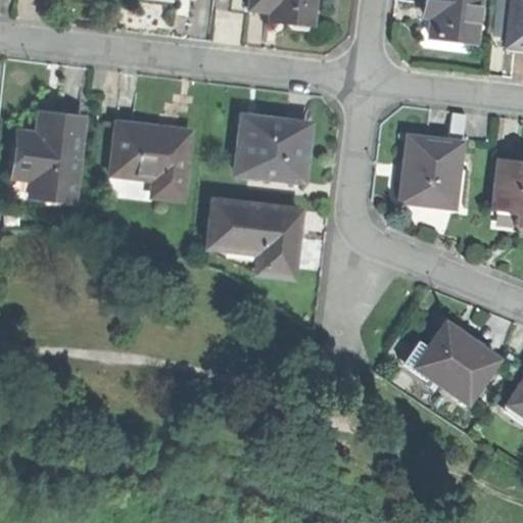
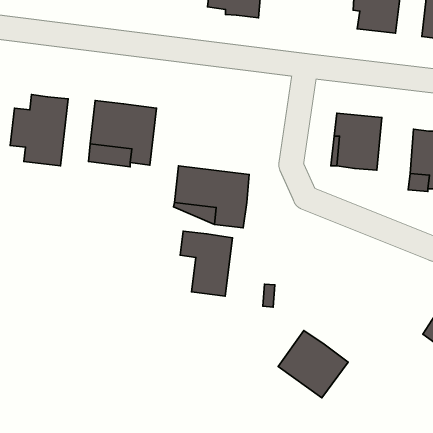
building: [238,118,312,177] -> none
building: none -> [180,231,232,296]
building: [417,320,501,400] -> [278,331,348,398]

